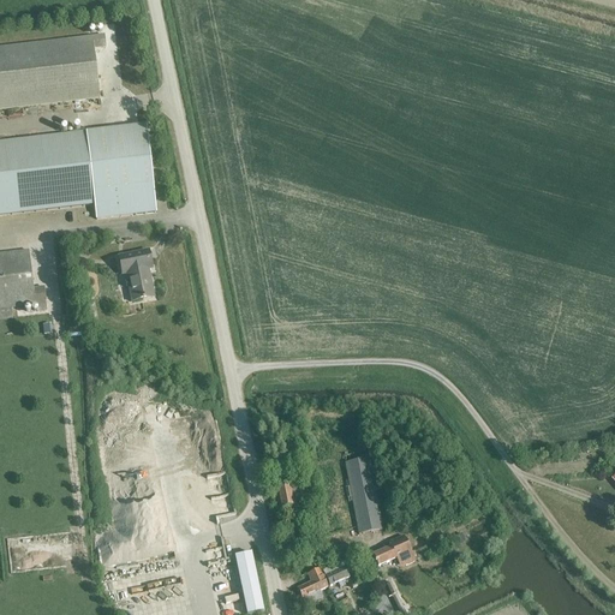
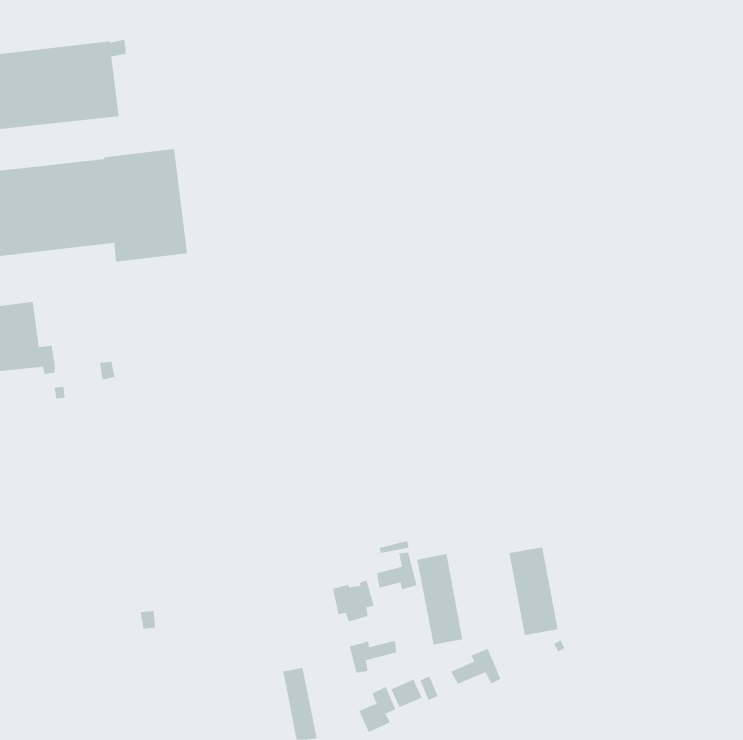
building: [118,251,153,299] -> none
building: none -> [509,546,558,636]
building: none -> [376,552,417,590]
building: none -> [349,640,397,673]

